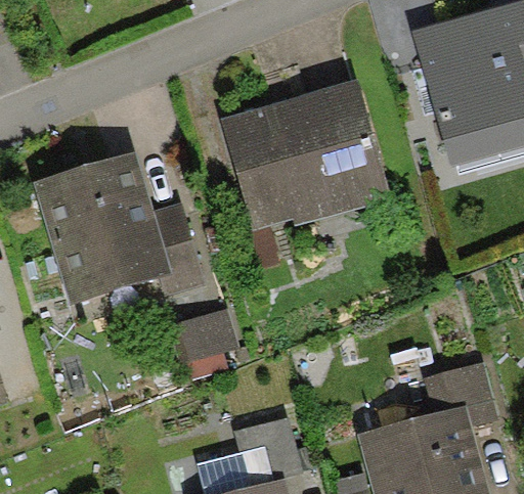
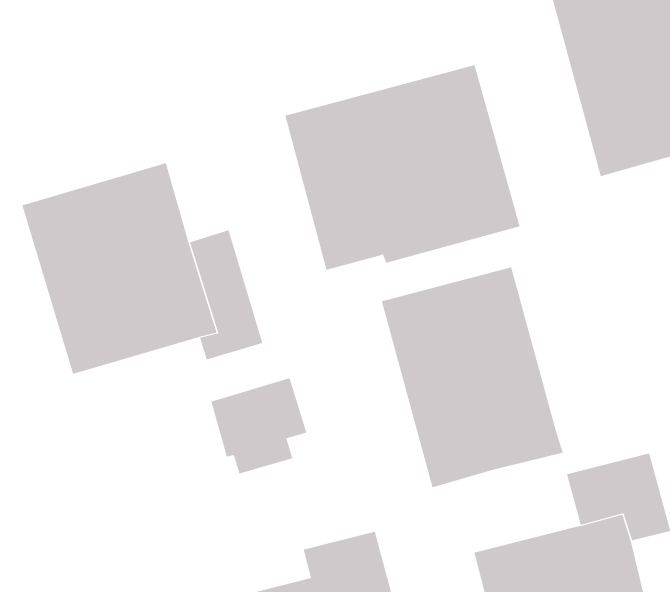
building: none -> [381,266,563,488]

